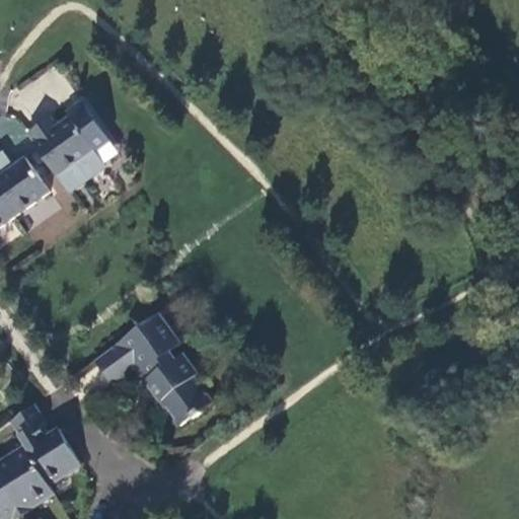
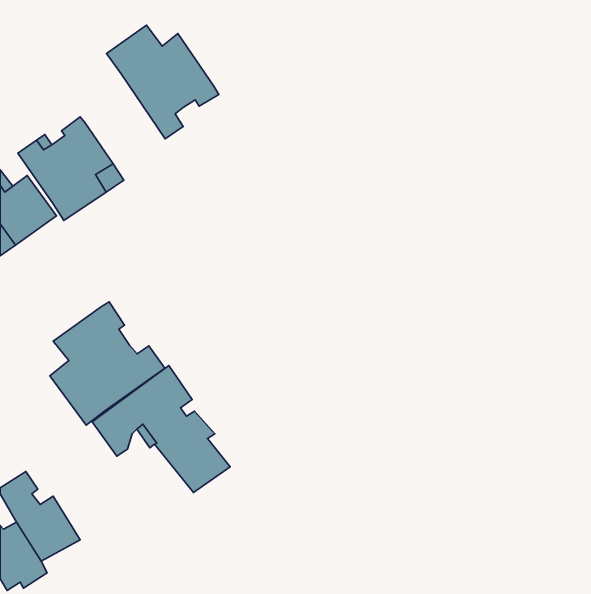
building: none -> [106,25,219,139]
building: none -> [50,302,165,425]

